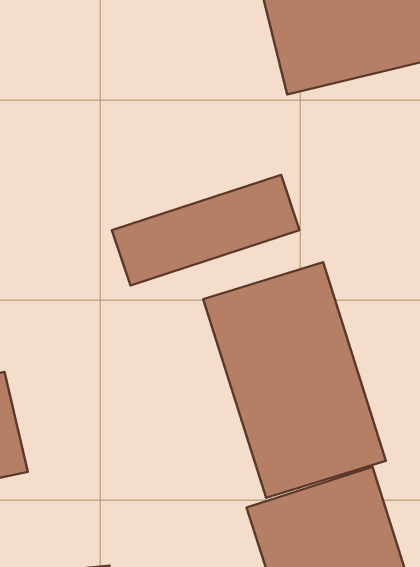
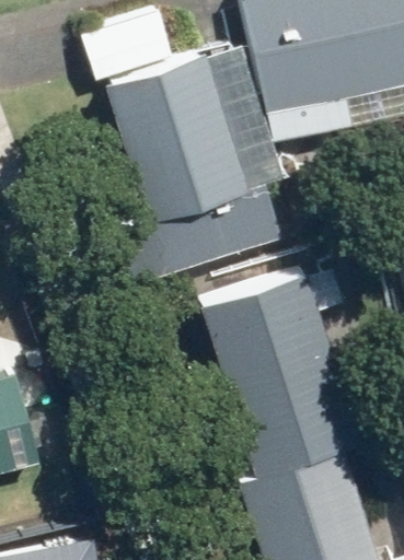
building: none -> [109,51,250,220]

